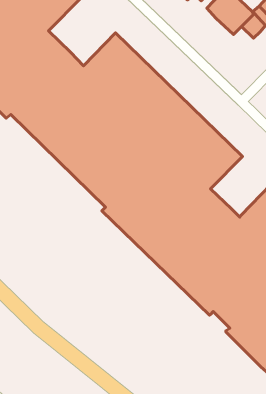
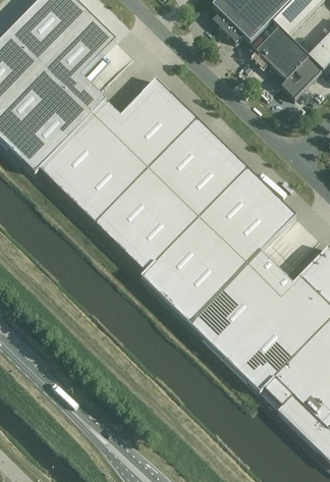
building: none -> [281,69,309,97]

